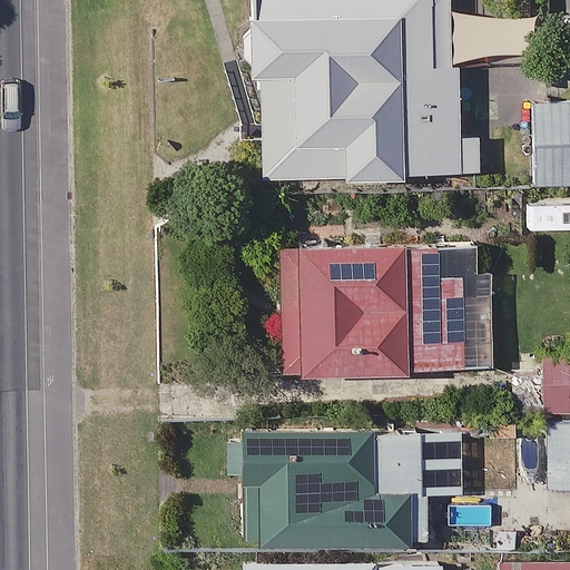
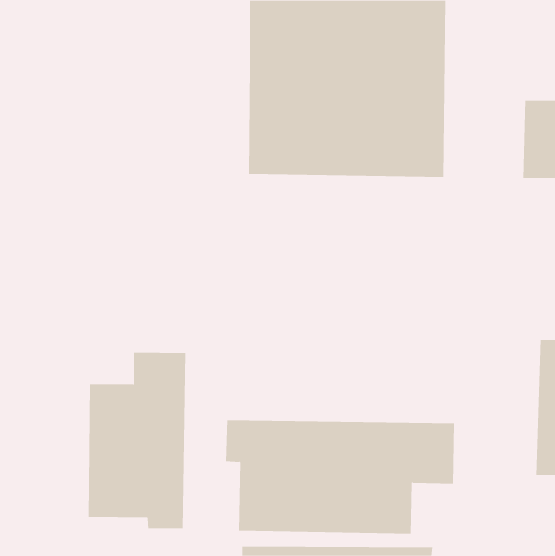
building: [284,249,493,379] -> none
building: none -> [88,352,186,529]

